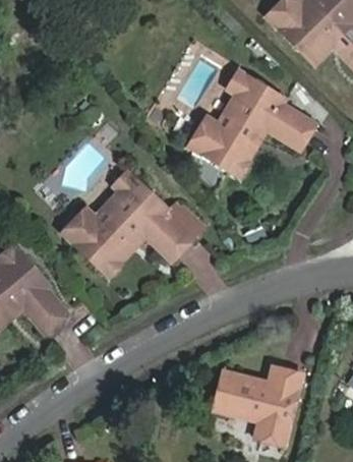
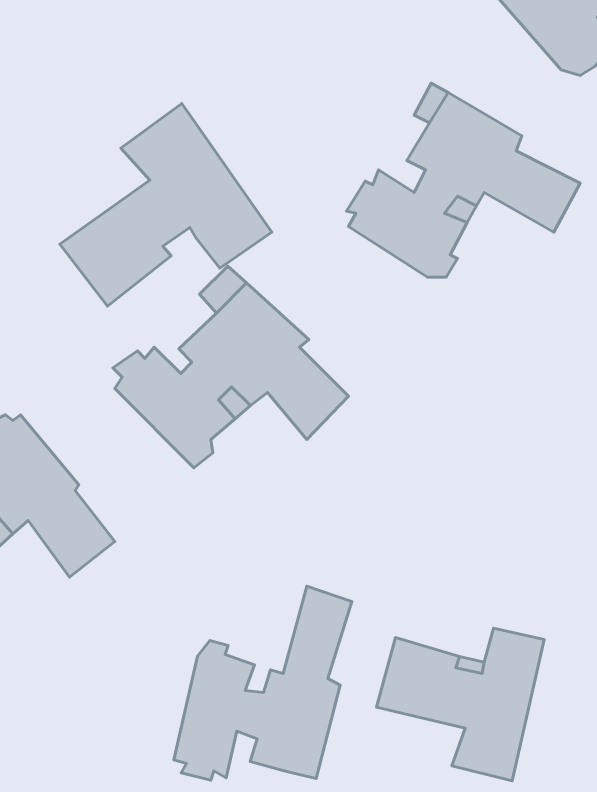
building: none -> [60,103,272,306]
building: none -> [174,586,352,780]

